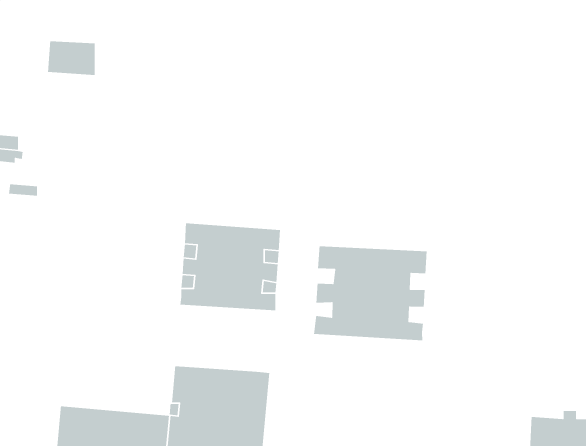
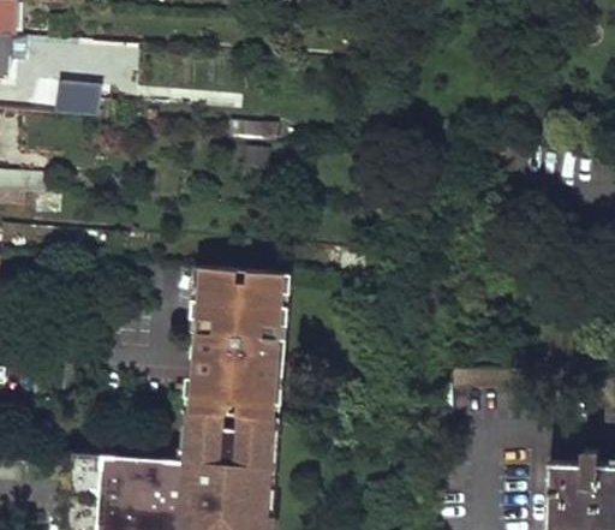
building: [313,246,428,341] -> none
building: none -> [187,349,288,416]

